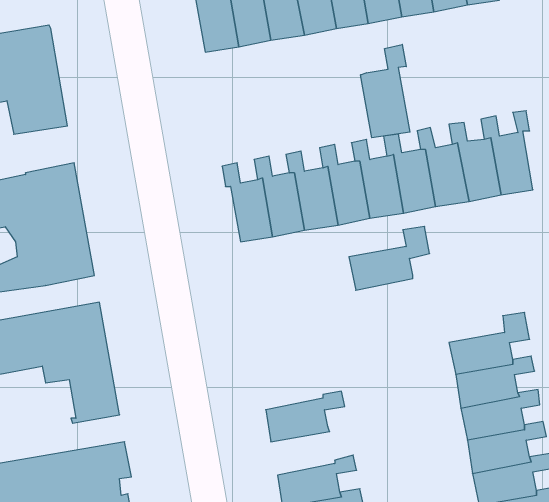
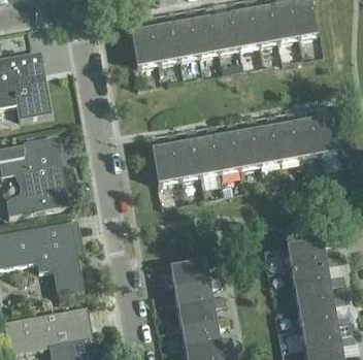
building: [361,44,410,138] -> none
building: [349,226,430,290] -> [169,248,219,287]
building: none -> [176,295,226,327]

